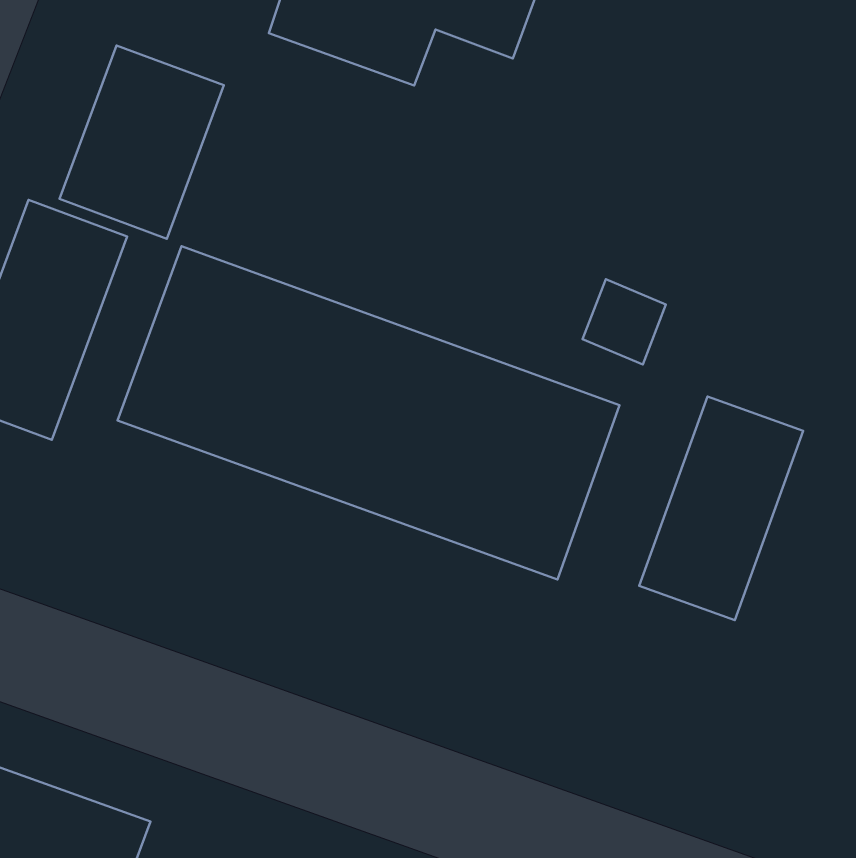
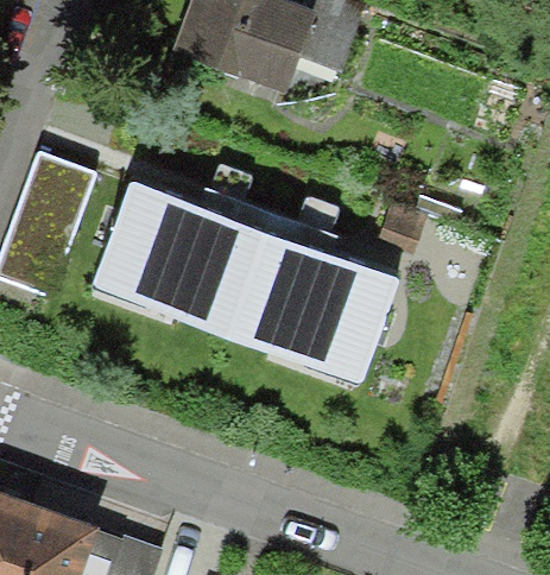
building: [60,45,224,239] -> none
building: [639,396,803,620] -> none

